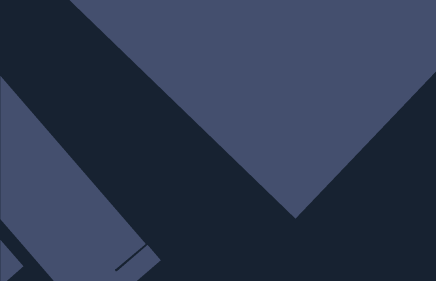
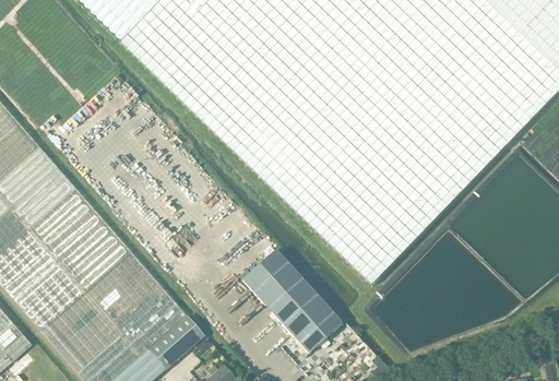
building: none -> [242,250,340,350]

